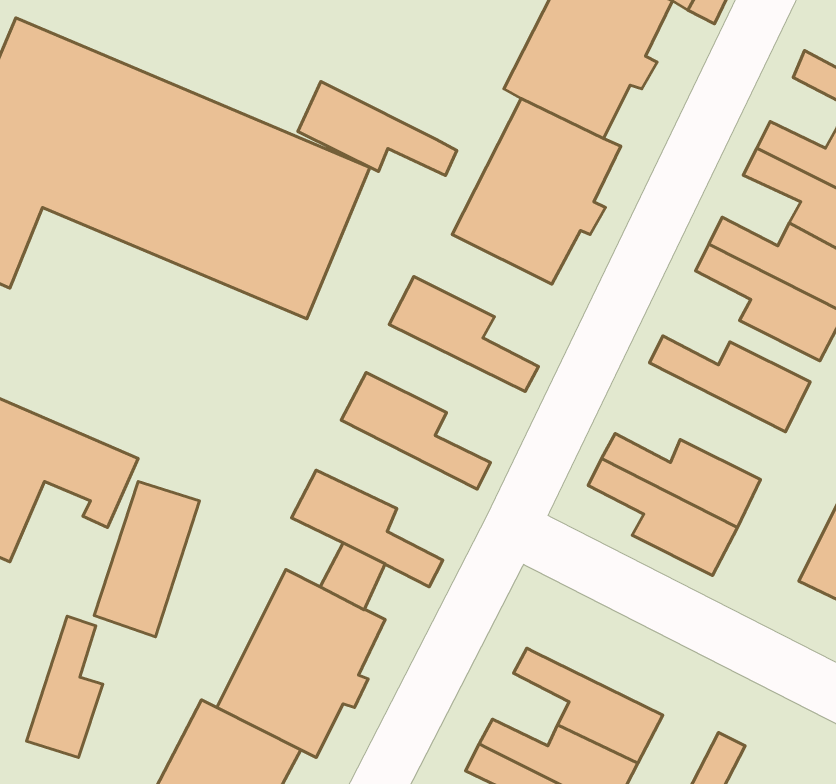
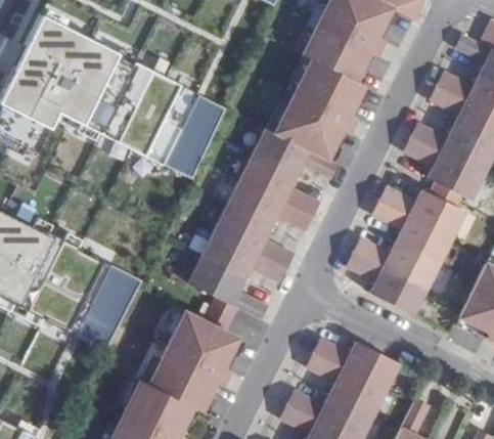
building: [298,82,457,175] -> [253,128,338,178]
building: none -> [227,180,312,230]
building: none -> [371,201,451,263]
building: none -> [200,231,286,281]
building: [27,616,103,758] -> none
building: none -> [313,339,398,389]

